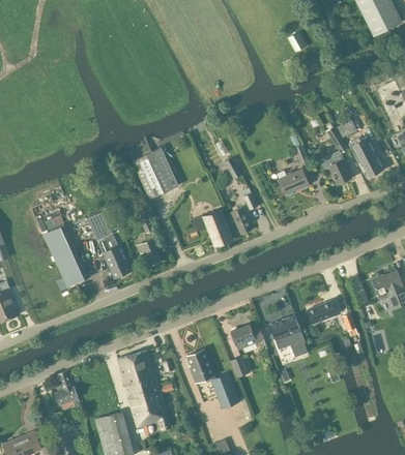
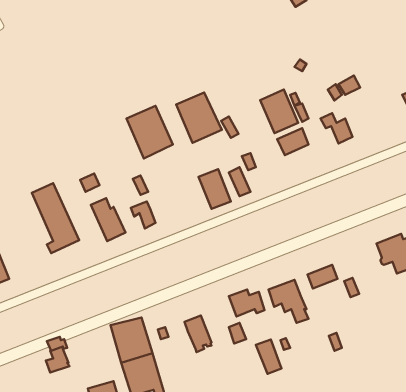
building: none -> [260,90,298,133]
building: none -> [176,93,222,143]
building: [351,138,382,177] -> none
building: [212,373,237,406] -> [256,339,282,374]

